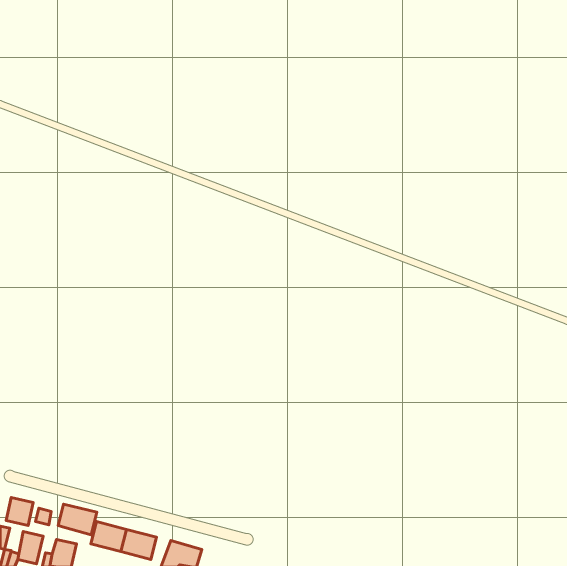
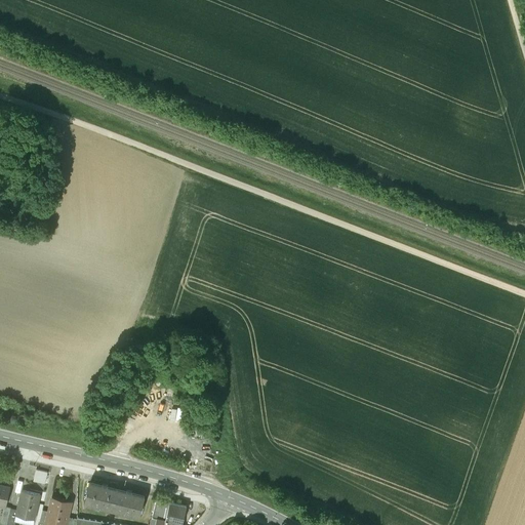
building: [6,497,33,526] -> none
building: [58,504,97,535] -> none

